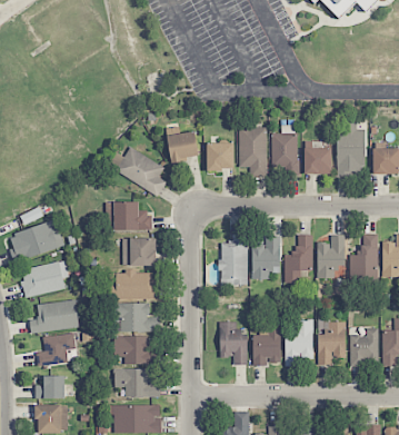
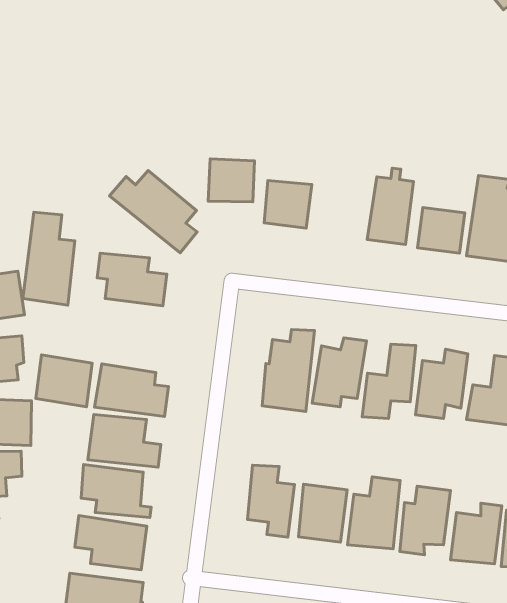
building: [238,127,267,177] -> none
building: none -> [23,212,75,305]
building: [122,237,154,266] -> [36,355,92,407]

